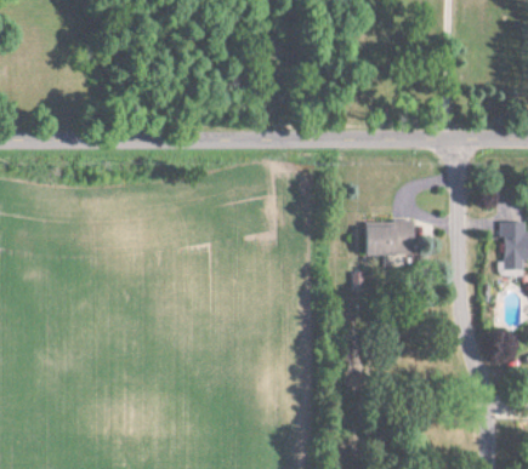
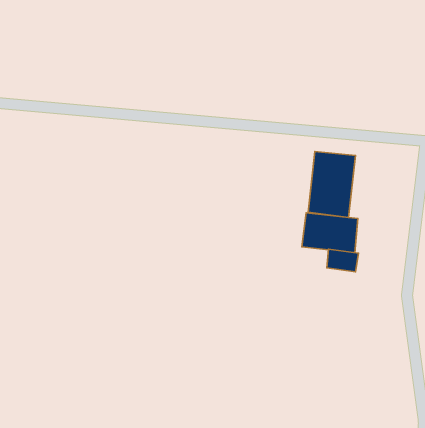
building: none -> [308,152,356,218]

